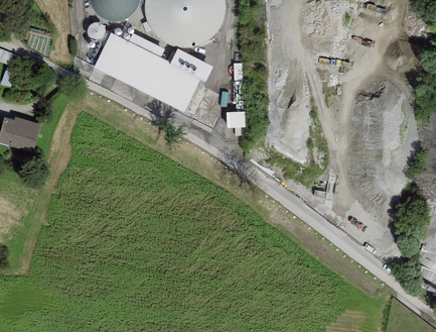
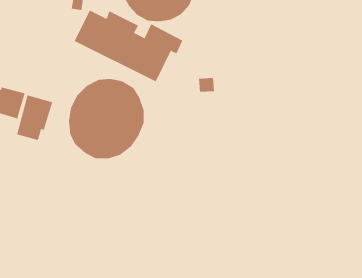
building: none -> [68,78,144,159]
building: none -> [16,94,53,141]

